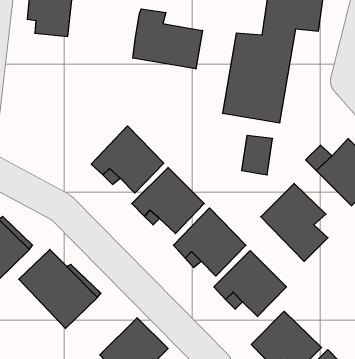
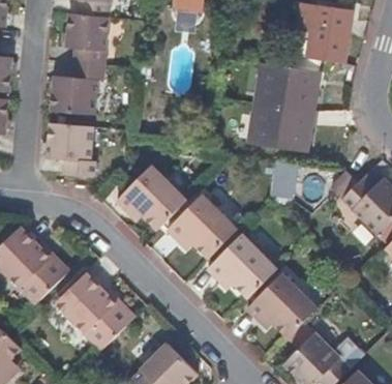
building: [133,9,203,69] -> none
building: none -> [52,63,102,118]
building: none -> [46,124,96,178]
building: [261,183,328,261] -> none

